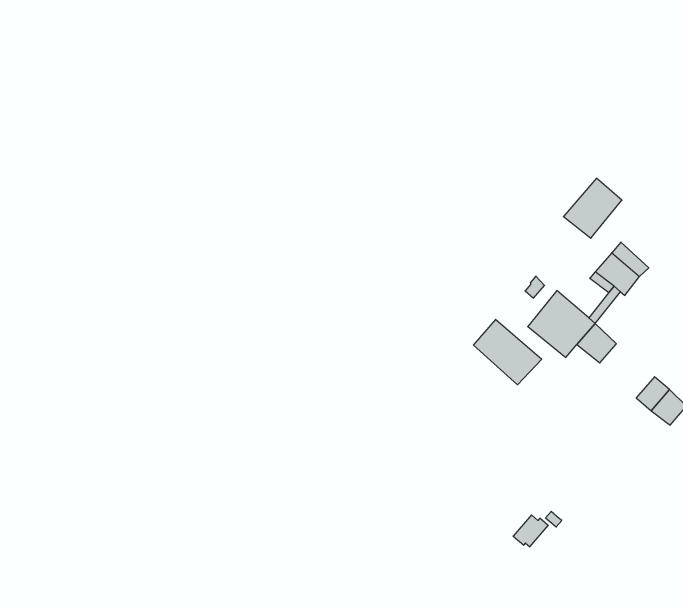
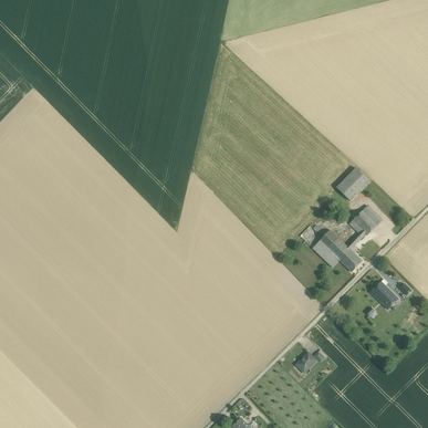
building: [474,319,542,385] -> none

